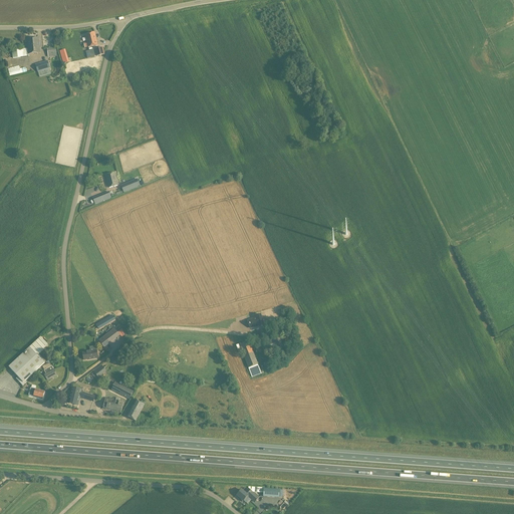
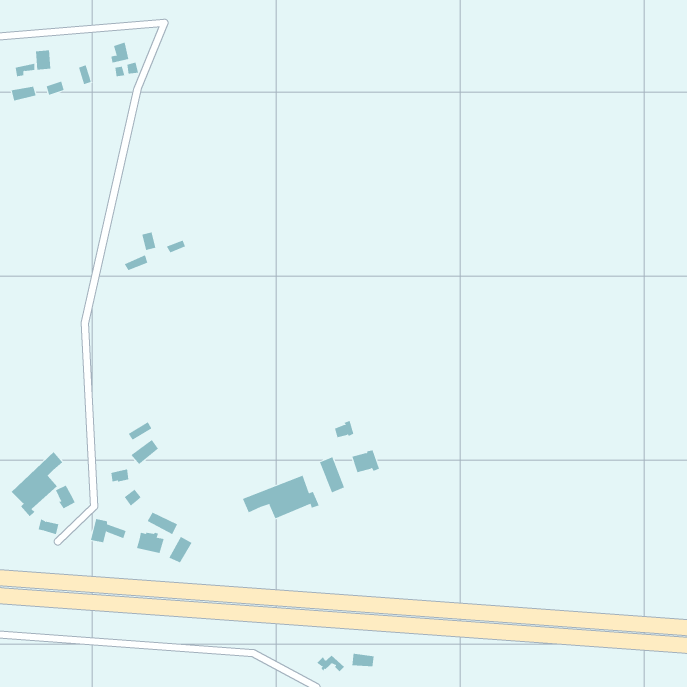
building: none -> [242,475,319,519]

